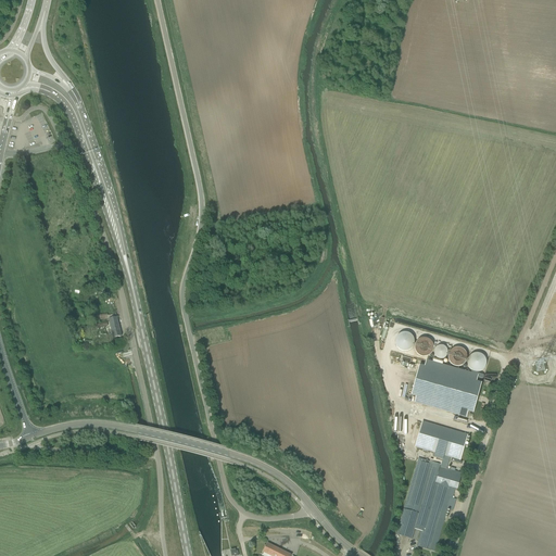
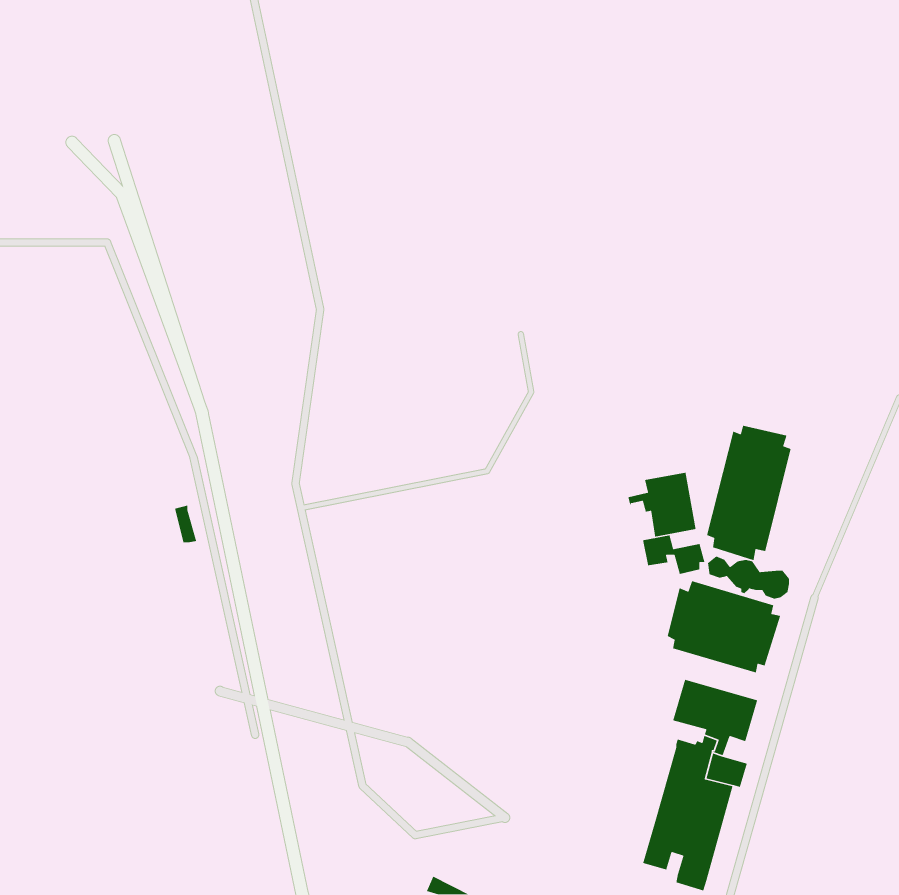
building: none -> [706,425,791,561]
building: none -> [628,472,697,537]

